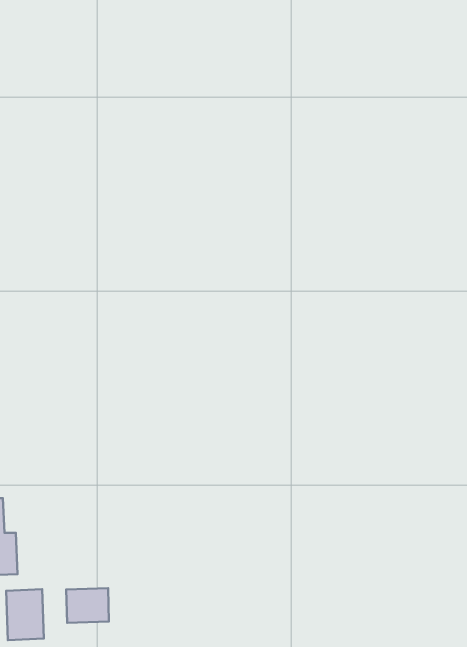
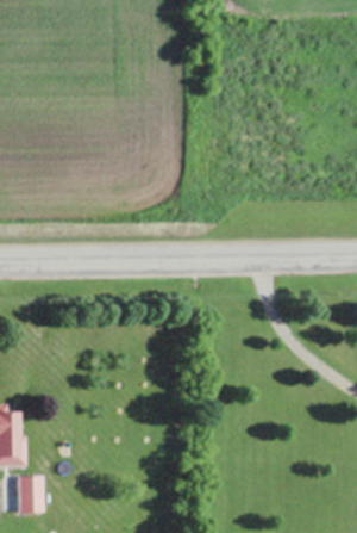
building: [66,588,109,623] -> none

